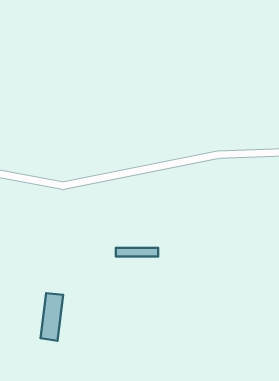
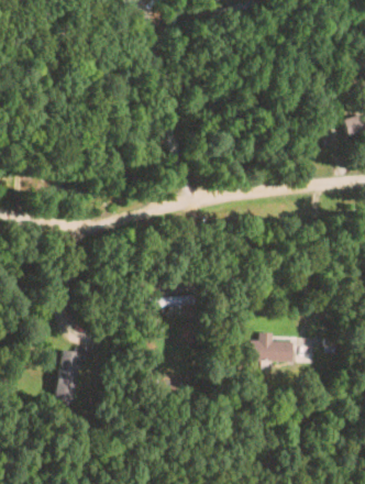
building: none -> [251,332,294,361]

